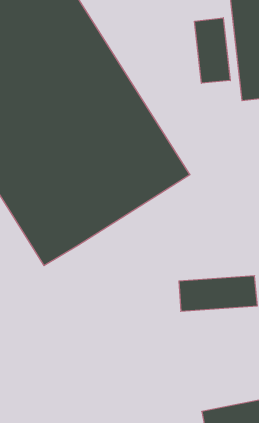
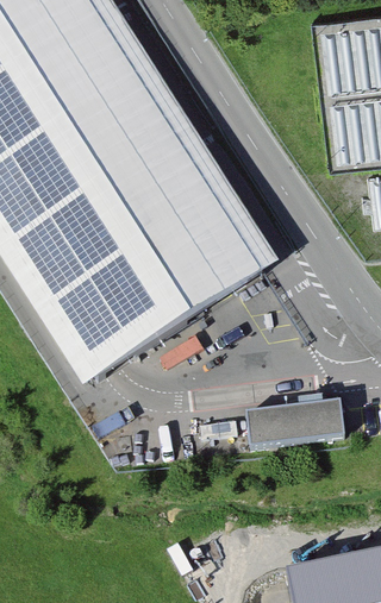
building: [195,18,230,83] -> none

